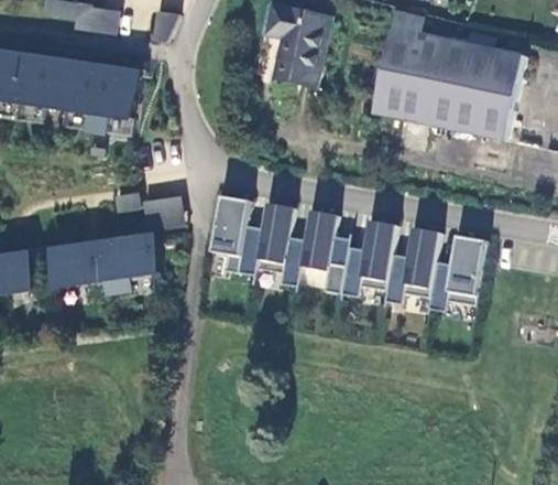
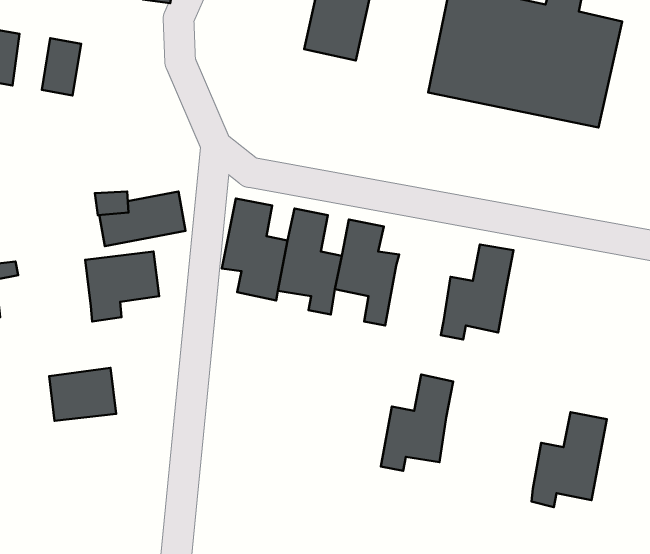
building: [43,64,73,108] -> none
building: [87,72,139,133] -> none
building: [337,222,394,298] -> [381,374,453,471]
building: [425,239,484,314] -> [532,412,607,507]
building: [52,242,105,284] -> [49,368,116,421]

